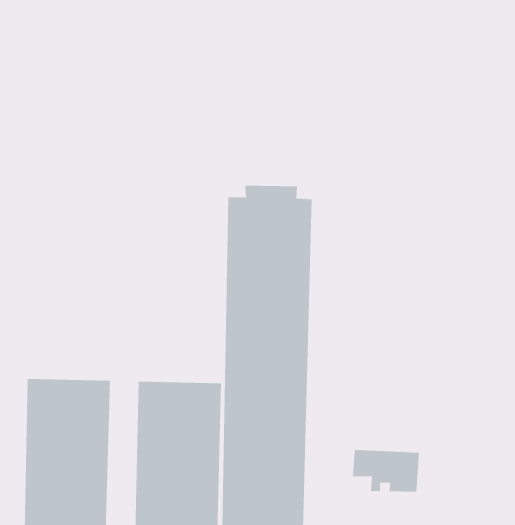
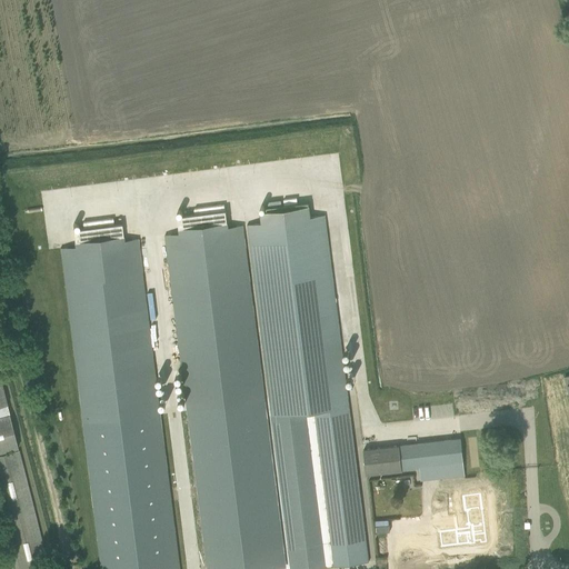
building: none -> [60,226,161,427]
building: none -> [164,212,266,413]
building: none -> [363,448,401,477]

